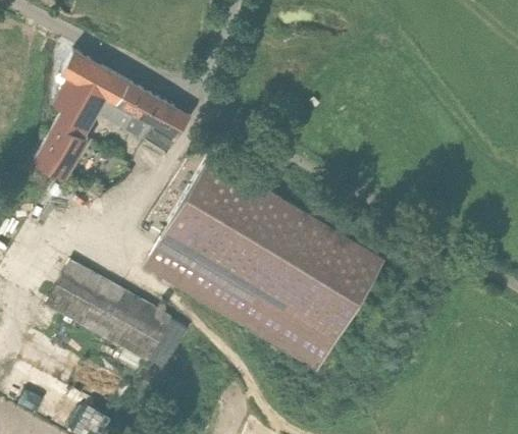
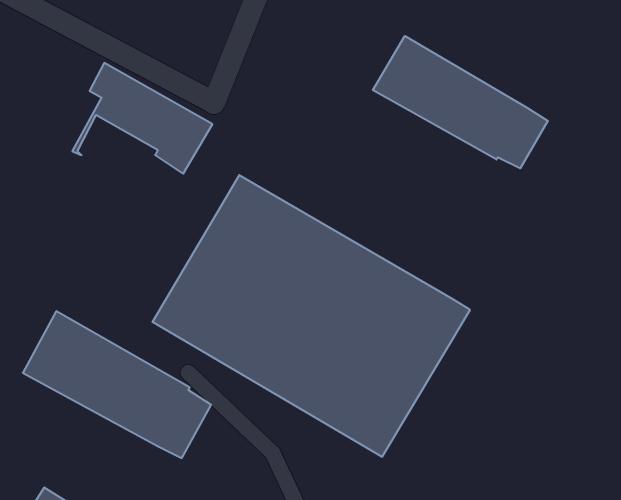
building: none -> [373,36,548,168]
building: [35,50,107,179] -> none

